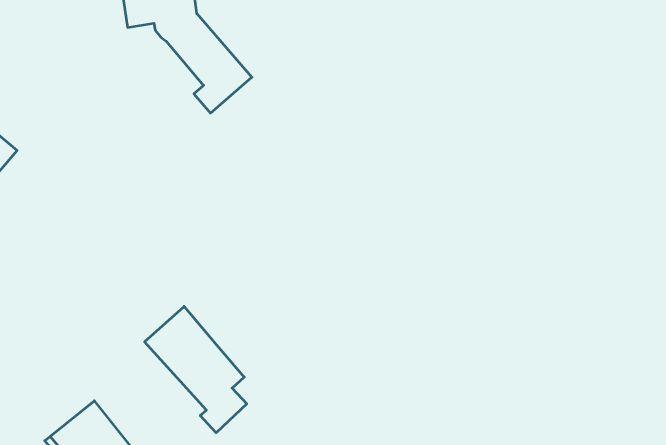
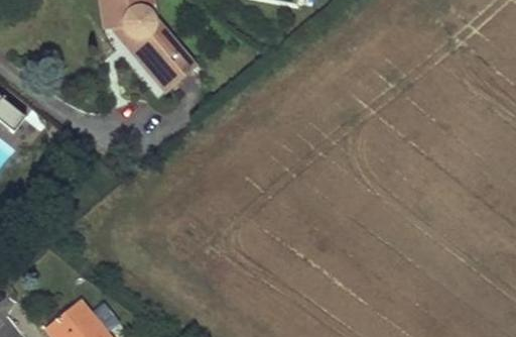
building: [145,306,247,433] -> none

